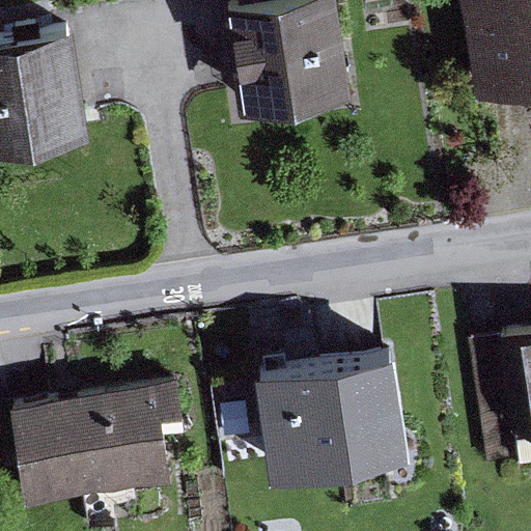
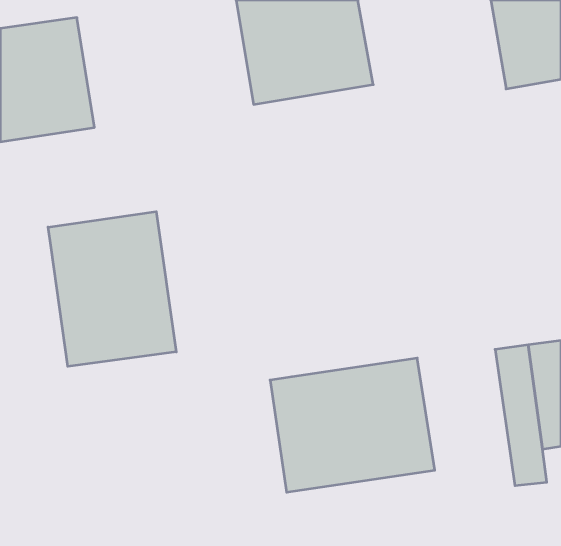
building: none -> [48,212,176,366]
building: [10,383,184,510] -> none

